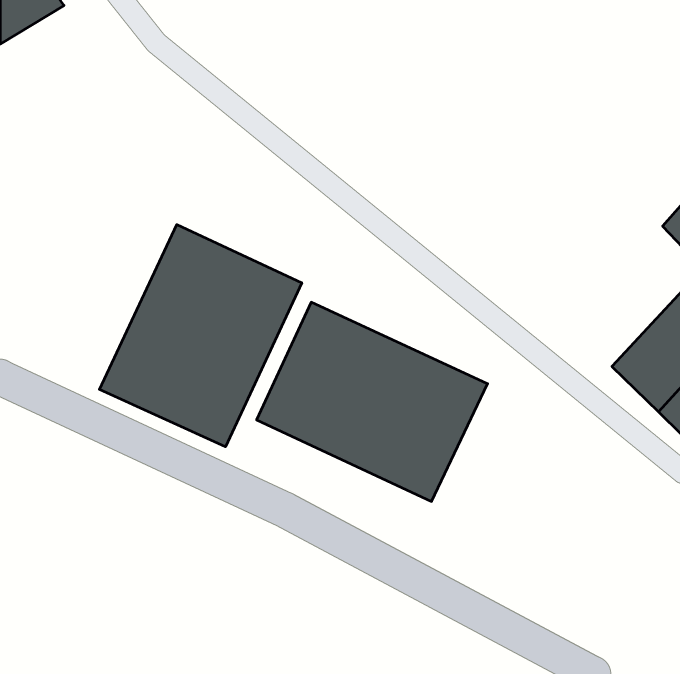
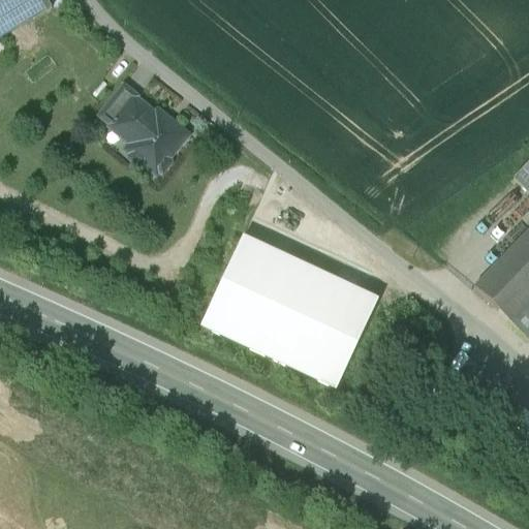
building: none -> [99,81,191,176]
building: [99,225,302,447] -> none

